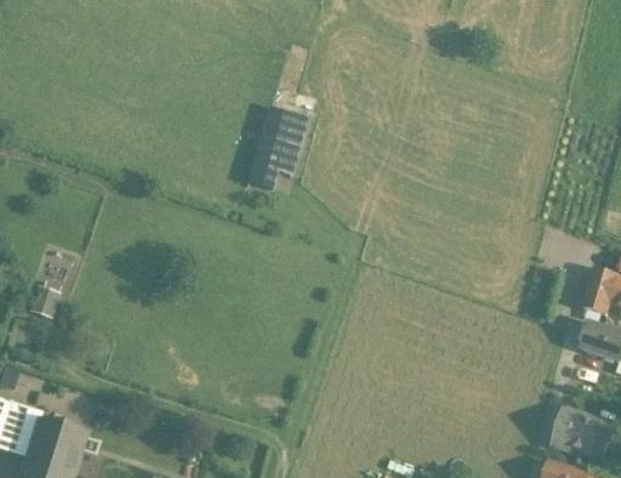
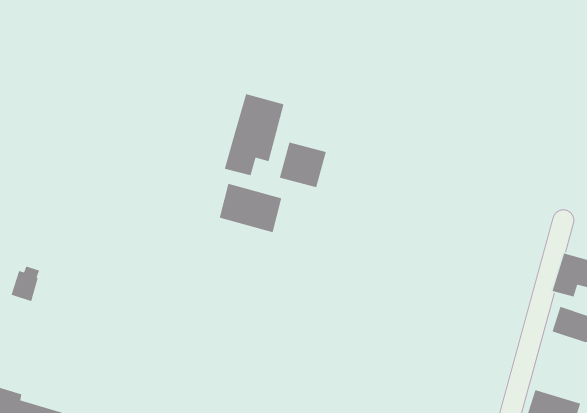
building: none -> [279,141,327,188]
building: none -> [219,183,282,233]

